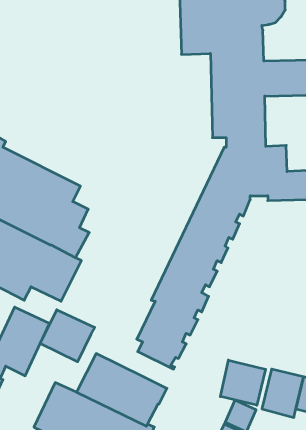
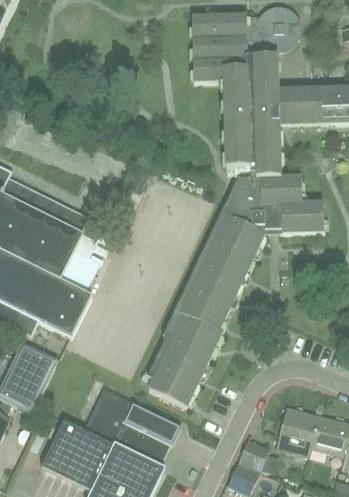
building: [40,310,95,362] -> none
building: [220,360,266,405] -> none

